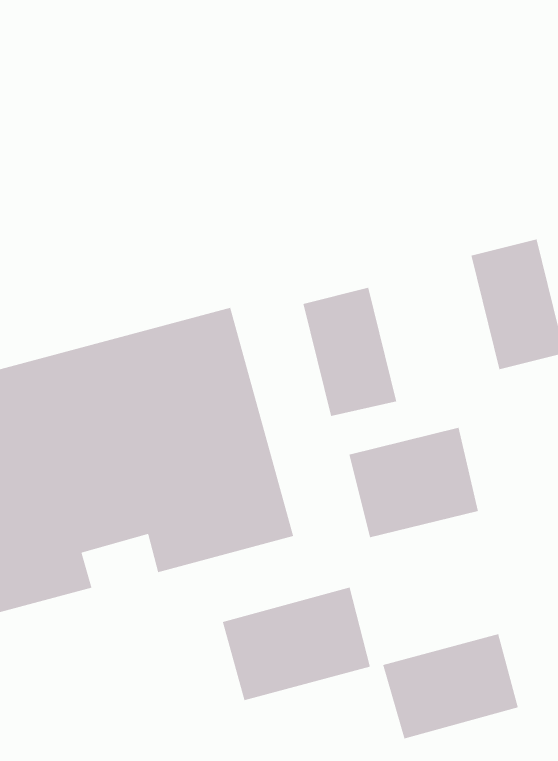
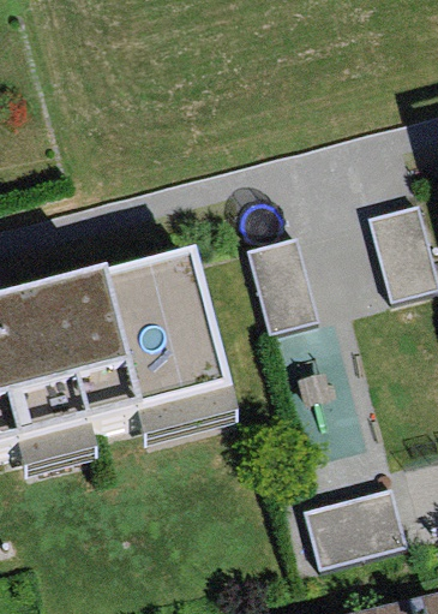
building: [349,427,479,538] -> none
building: [222,587,371,701] -> none

